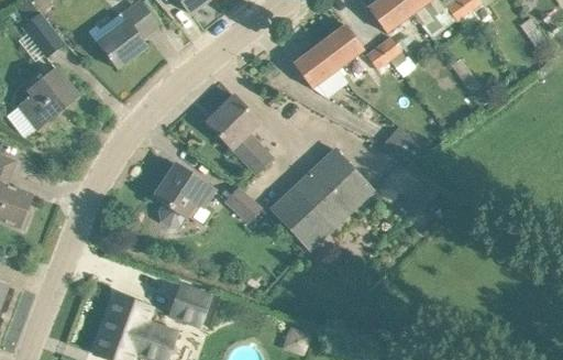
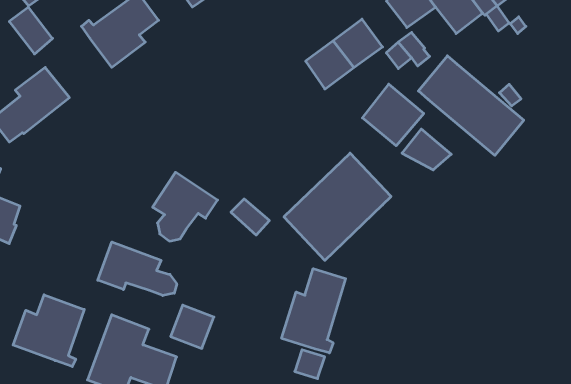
building: none -> [418,56,524,155]
building: none -> [362,84,424,146]
building: [207,95,273,173] -> none
building: none -> [98,242,177,296]
building: none -> [282,269,346,353]
building: none -> [13,295,84,367]

